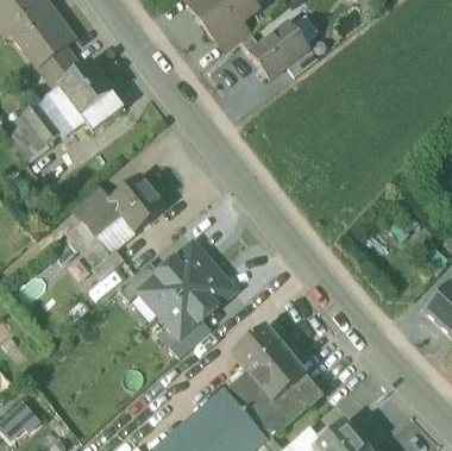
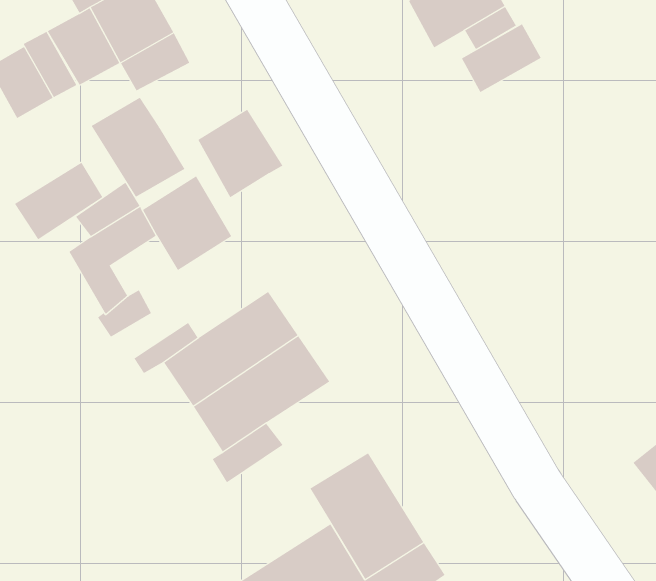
building: none -> [461,23,541,93]
building: none -> [198,109,283,198]
building: none -> [91,97,185,198]
building: none -> [14,162,103,240]

